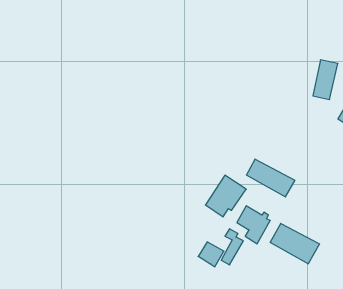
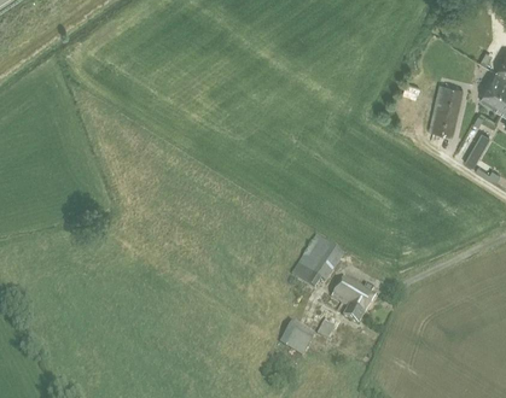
building: [246,159,295,197] -> none
building: [270,223,319,264] -> none

